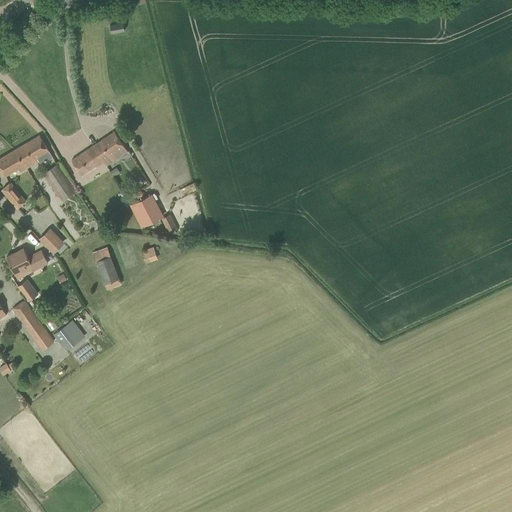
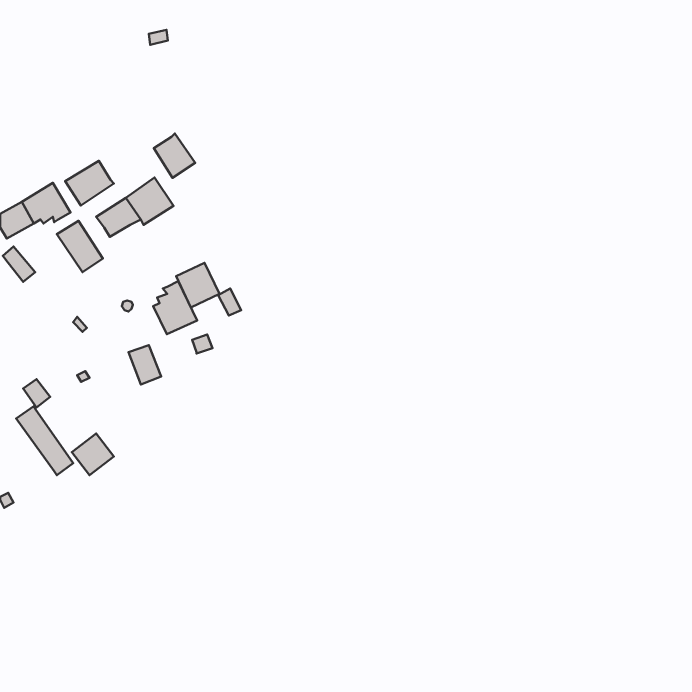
building: none -> [154,134,195,178]
building: none -> [65,161,114,205]
building: none -> [153,281,197,334]
building: [7,248,47,275] -> none

